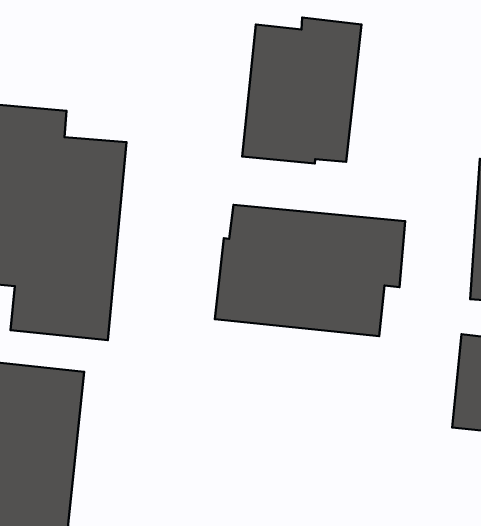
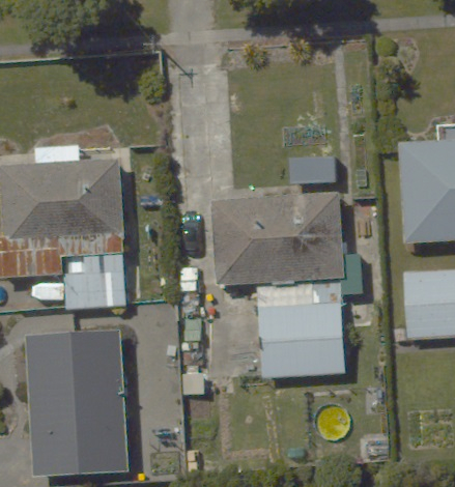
building: [242,17,361,164] -> none
building: none -> [257,289,343,380]

